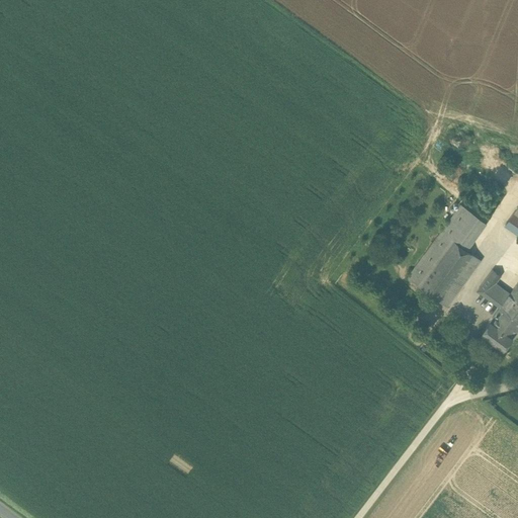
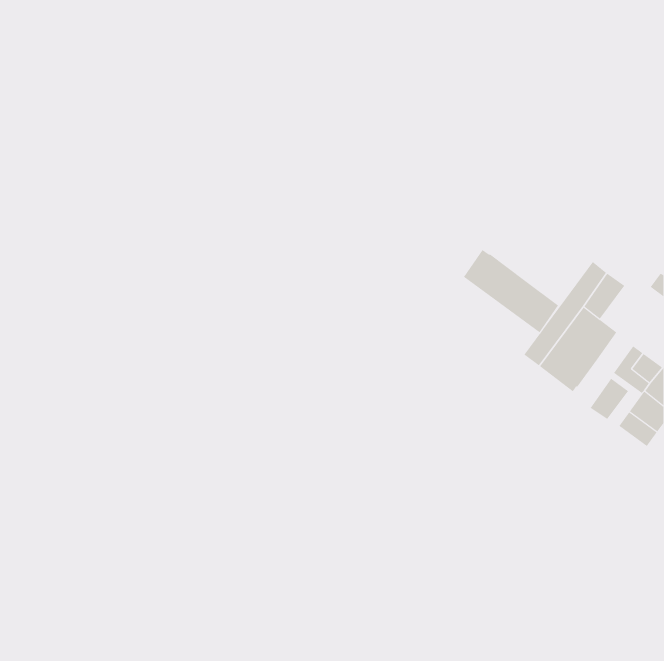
building: none -> [463,249,559,333]
building: none -> [590,378,629,420]

